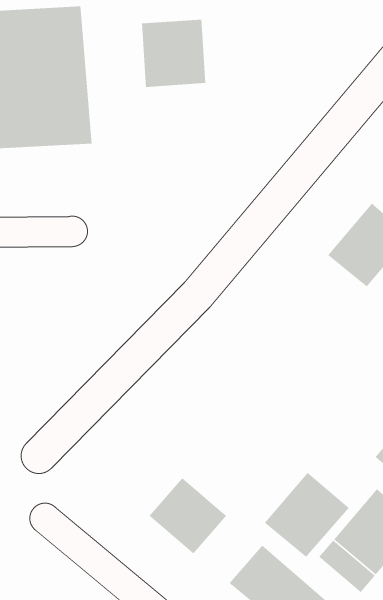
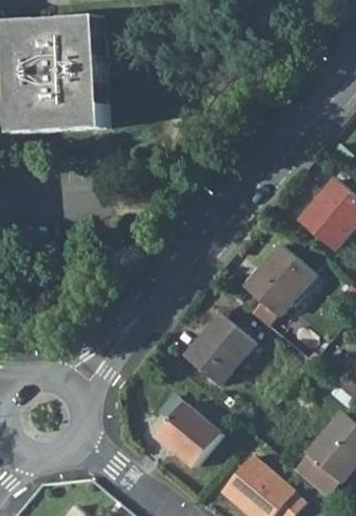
building: [141,19,206,88] -> none
building: none -> [245,245,315,316]
building: [264,472,350,558] -> [185,314,255,385]

